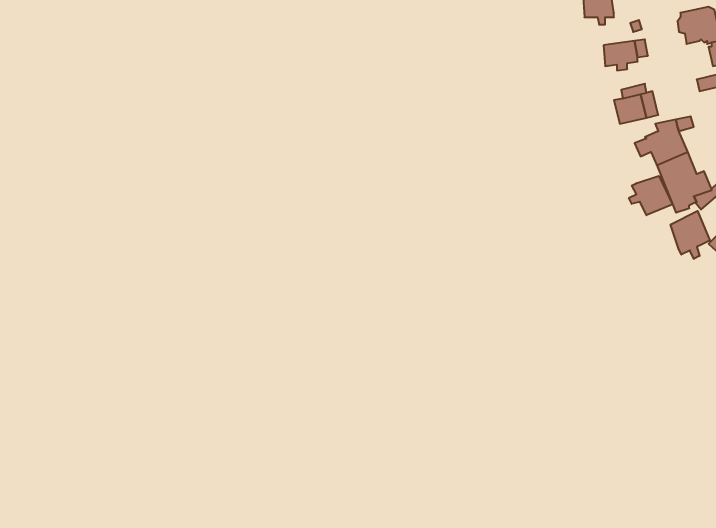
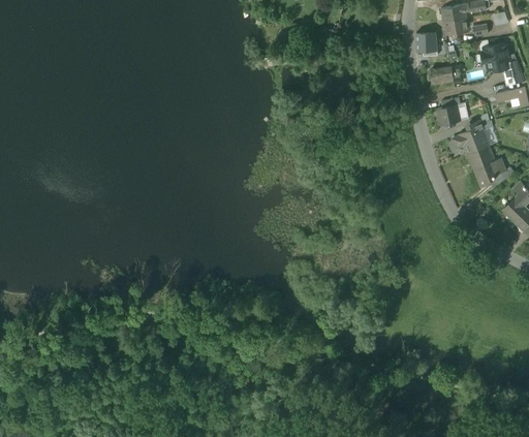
building: [629,176,673,215] -> none
building: [671,211,710,259] -> none

